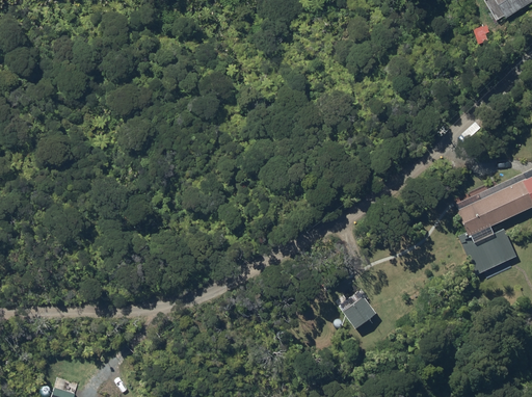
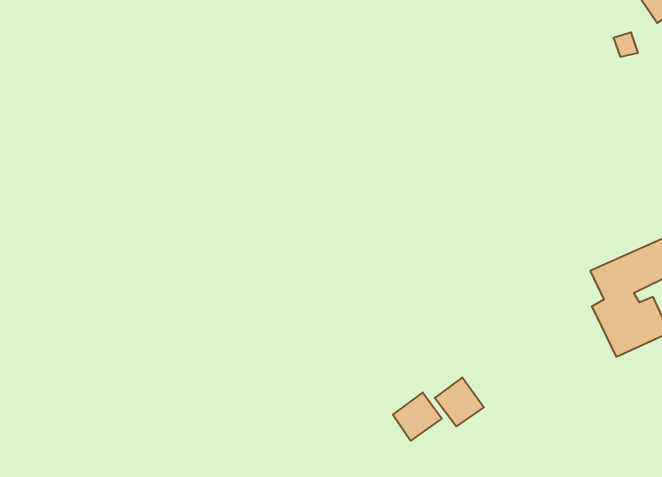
building: none -> [393,392,442,441]

